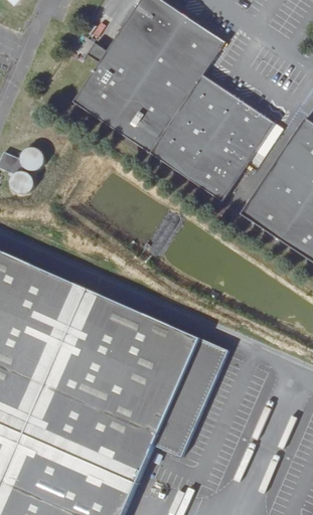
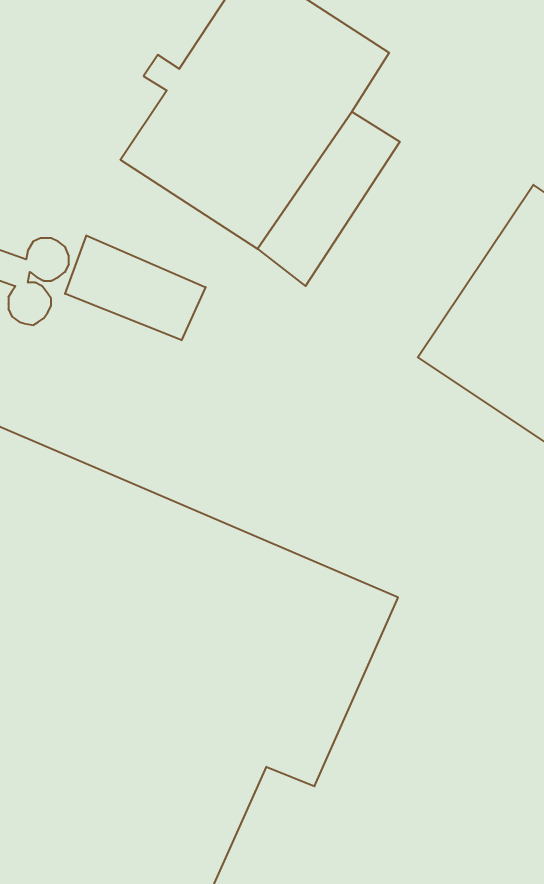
building: [177,93,274,201] -> none
building: none -> [65,235,206,340]

